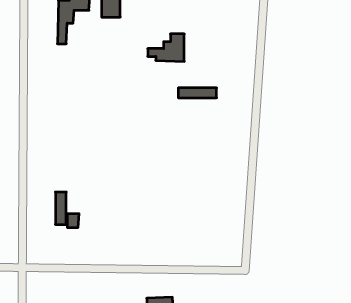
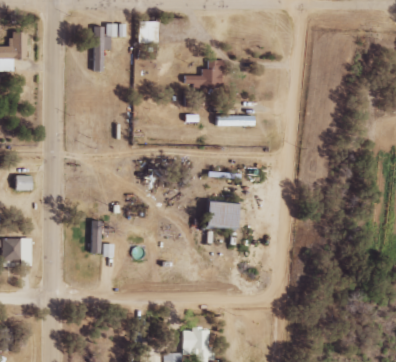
building: none -> [203,203,237,228]

